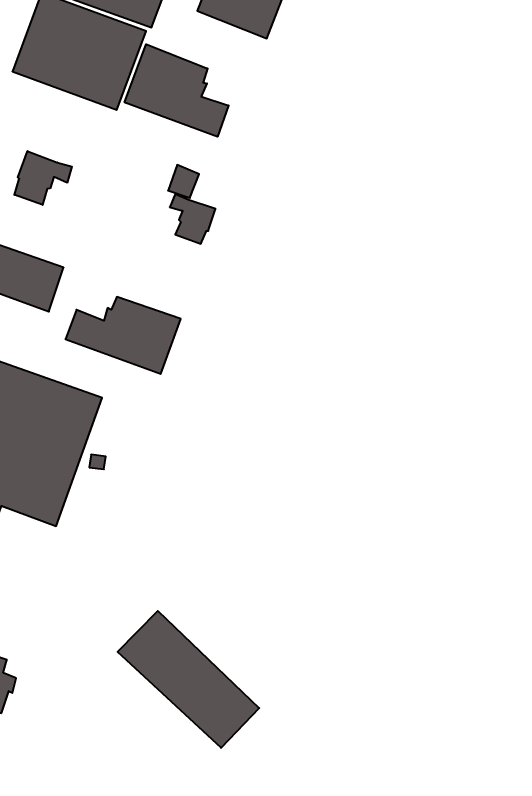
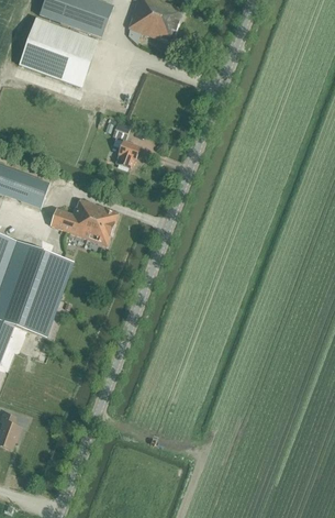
building: [125,44,229,137] -> none
building: [14,151,72,205] -> none
building: [118,611,259,748] -> none

